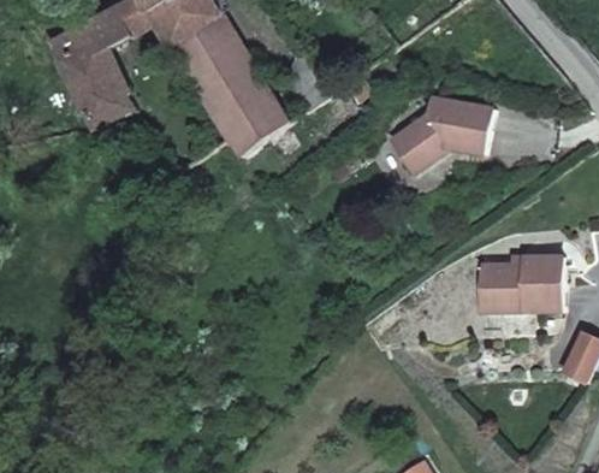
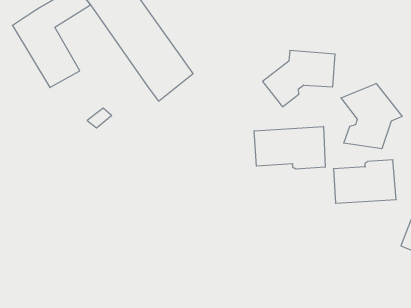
building: none -> [341,83,402,149]
building: none -> [254,126,325,169]

